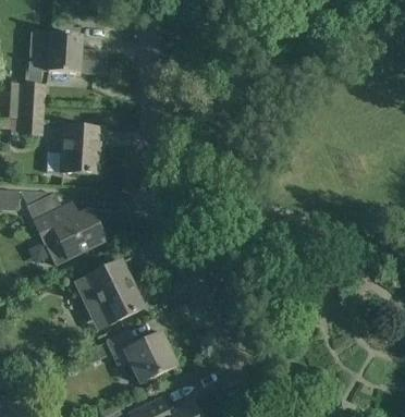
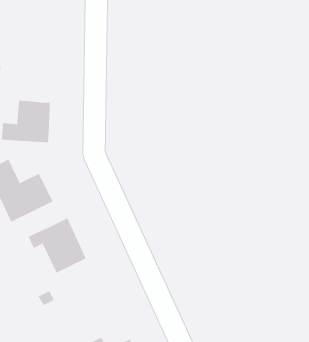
building: [46,32,105,71] -> none
building: [103,327,173,380] -> none

